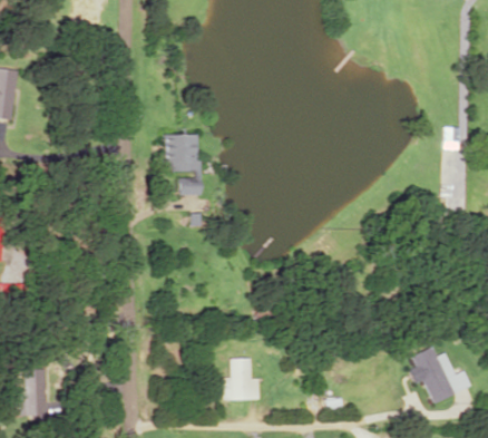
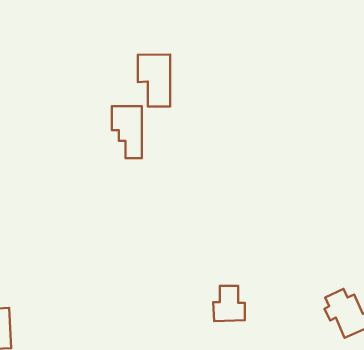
building: none -> [138,54,170,107]
building: [222,359,258,400] -> [213,286,245,321]

